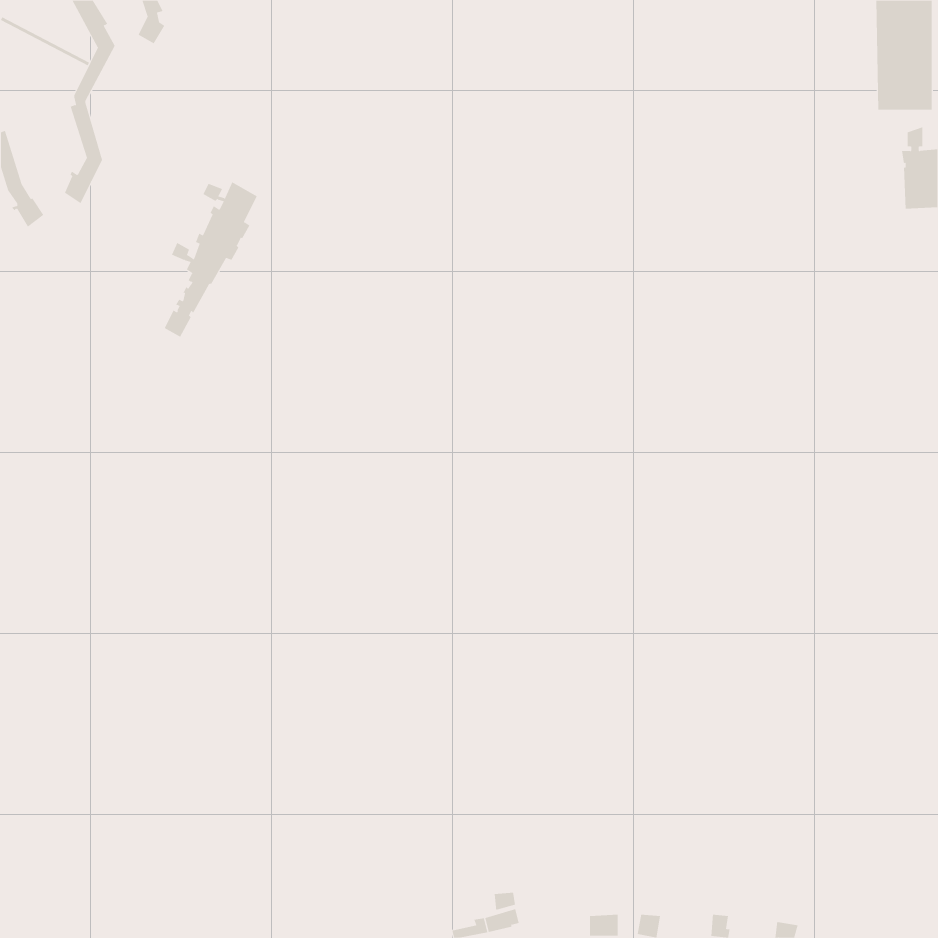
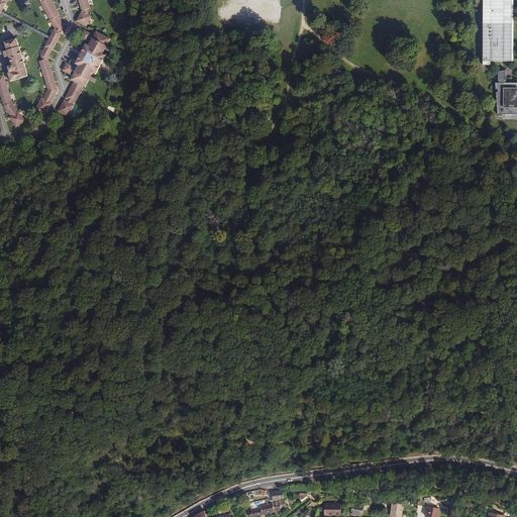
building: none -> [4,36,27,79]
building: [164,181,258,337] -> [58,28,109,114]

